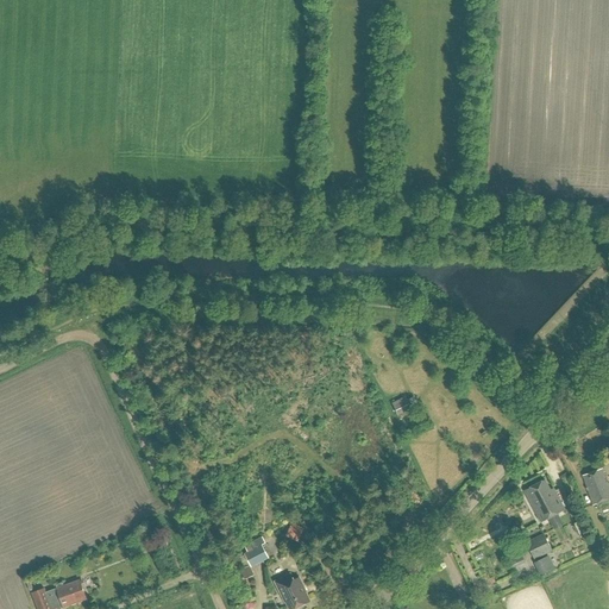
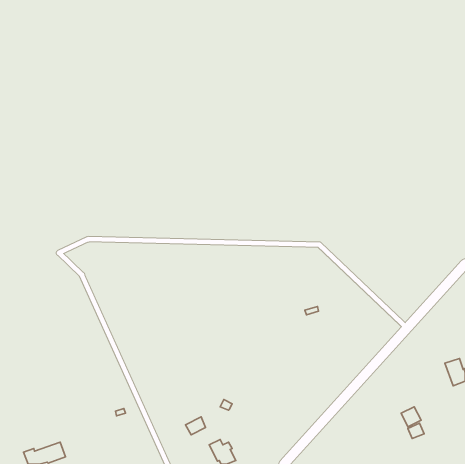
building: [525,481,563,521] -> none

